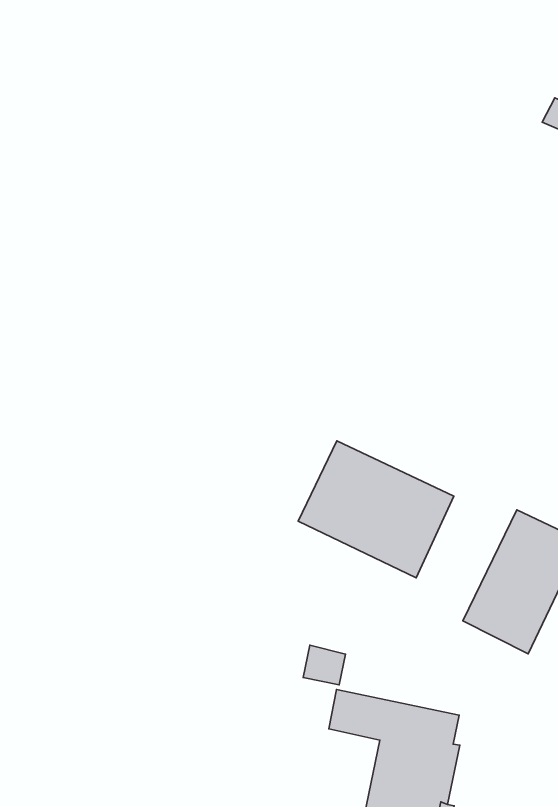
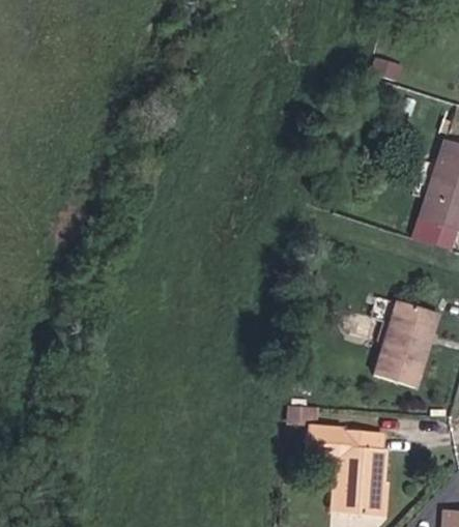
building: [298,441,454,578] -> none

